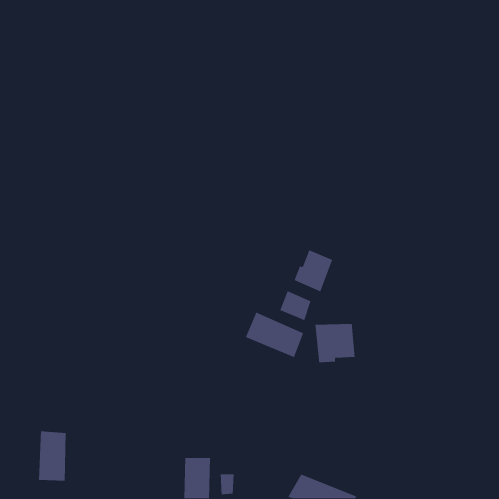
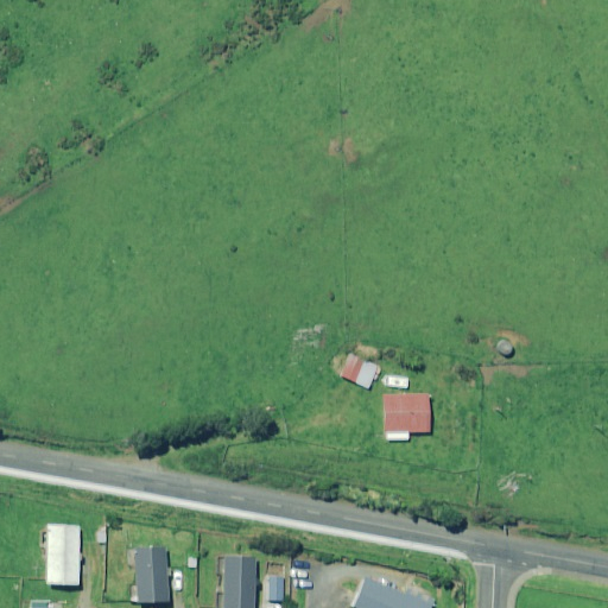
building: [293,249,333,293] -> none
building: [245,311,304,358] -> none
building: none -> [135,549,172,602]

